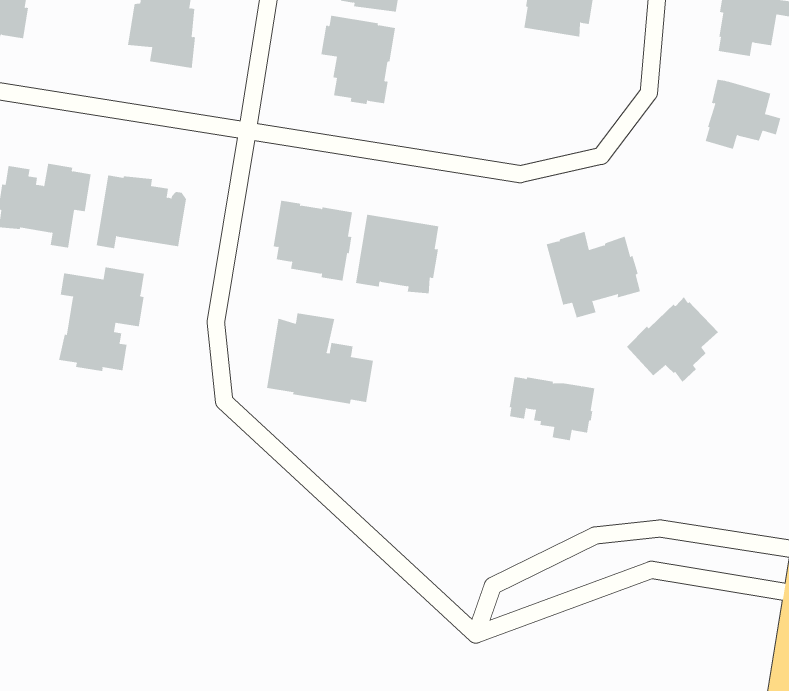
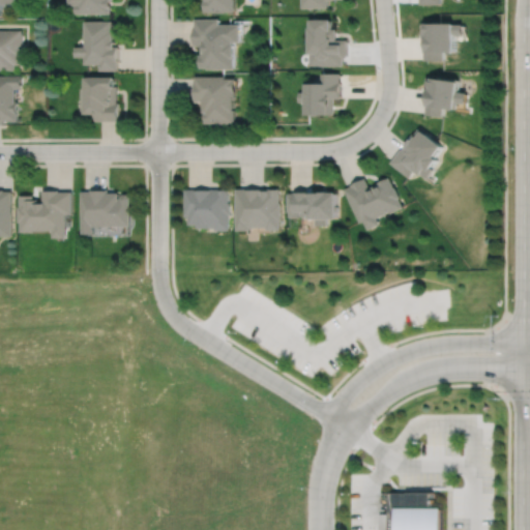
building: none -> [304,75,341,116]
building: [58,267,144,372] -> none
building: [626,296,719,383] -> [390,129,443,180]
building: [266,312,374,404] -> none
building: [509,377,595,441] -> [287,194,336,227]

